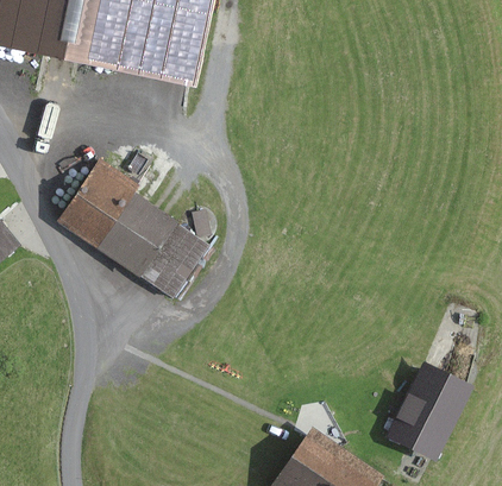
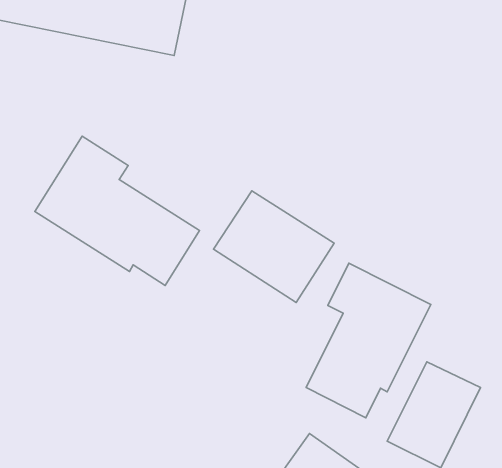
building: none -> [213,191,334,302]
building: none -> [306,263,431,418]

